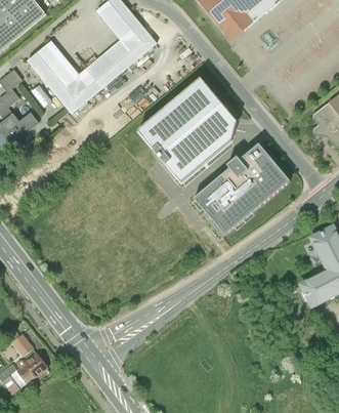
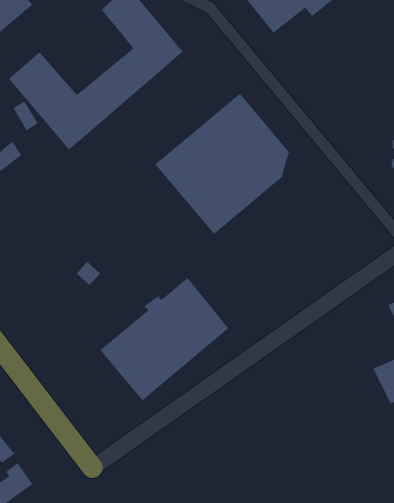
building: [194,142,290,235] -> [100,277,229,401]

